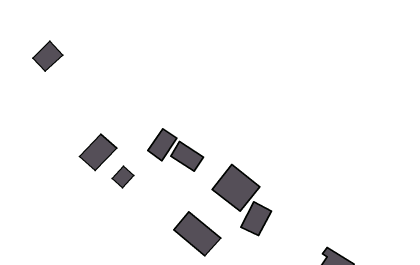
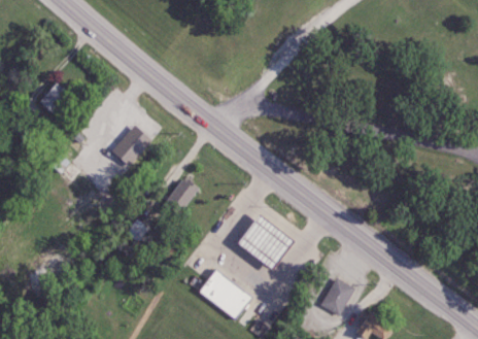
building: [79,134,117,171] -> [111,125,152,165]
building: [171,141,203,171] -> none
building: [241,202,272,235] -> [321,277,355,314]

